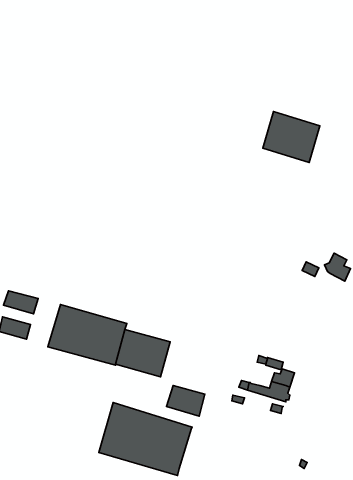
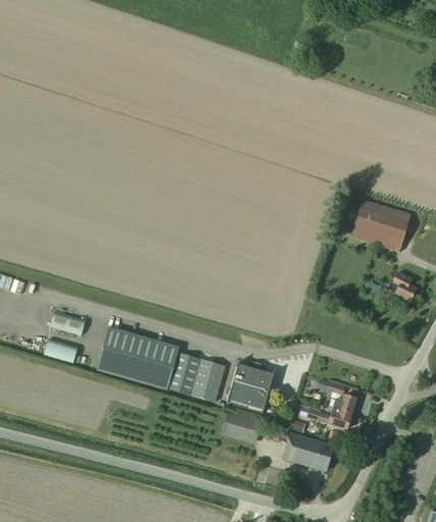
building: [263,111,320,163] -> [350,198,411,252]
building: none -> [227,360,275,412]
building: [99,403,192,476] -> none
building: none -> [282,431,333,470]

